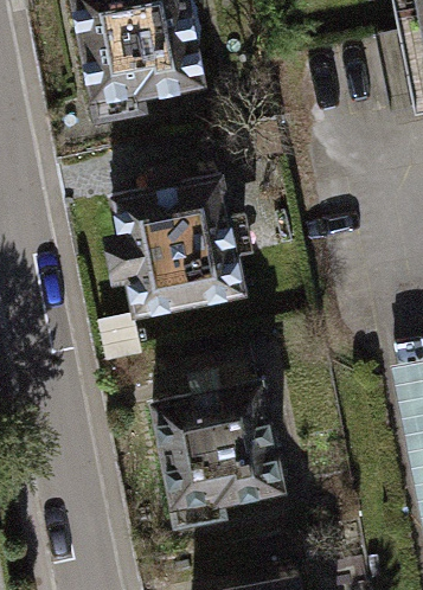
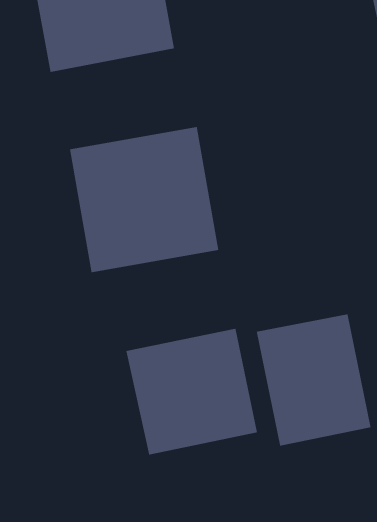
building: none -> [256,313,371,447]

